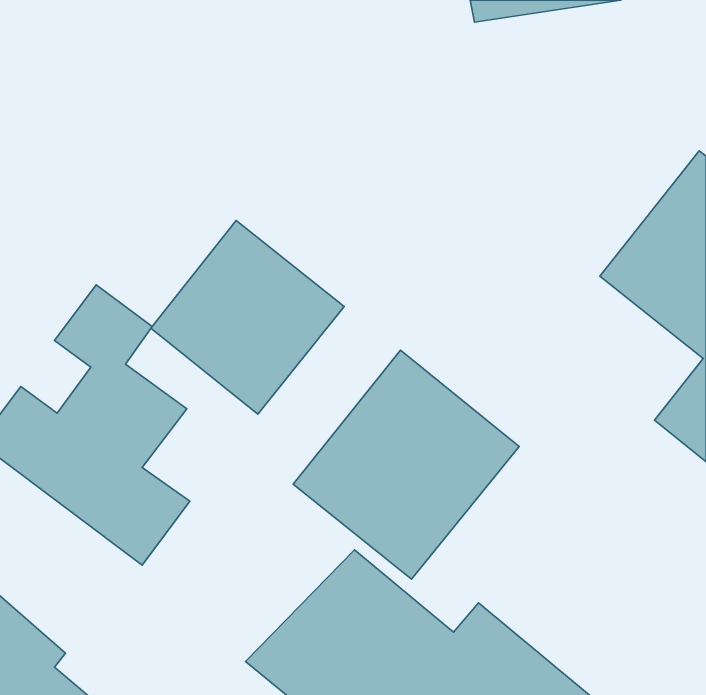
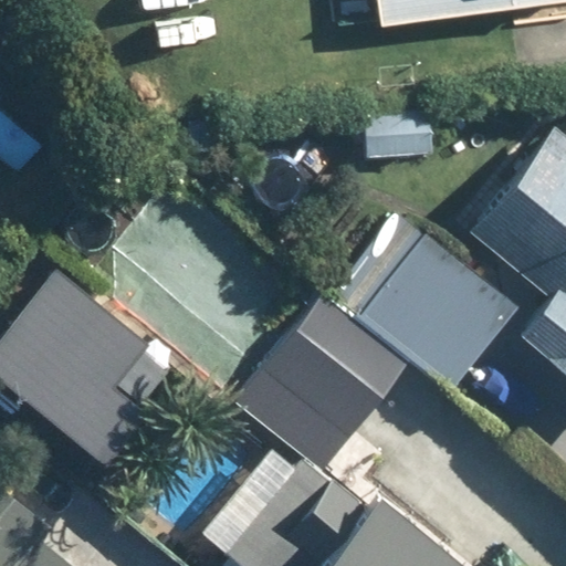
building: [151,221,344,414] -> none
building: none -> [317,211,512,396]

